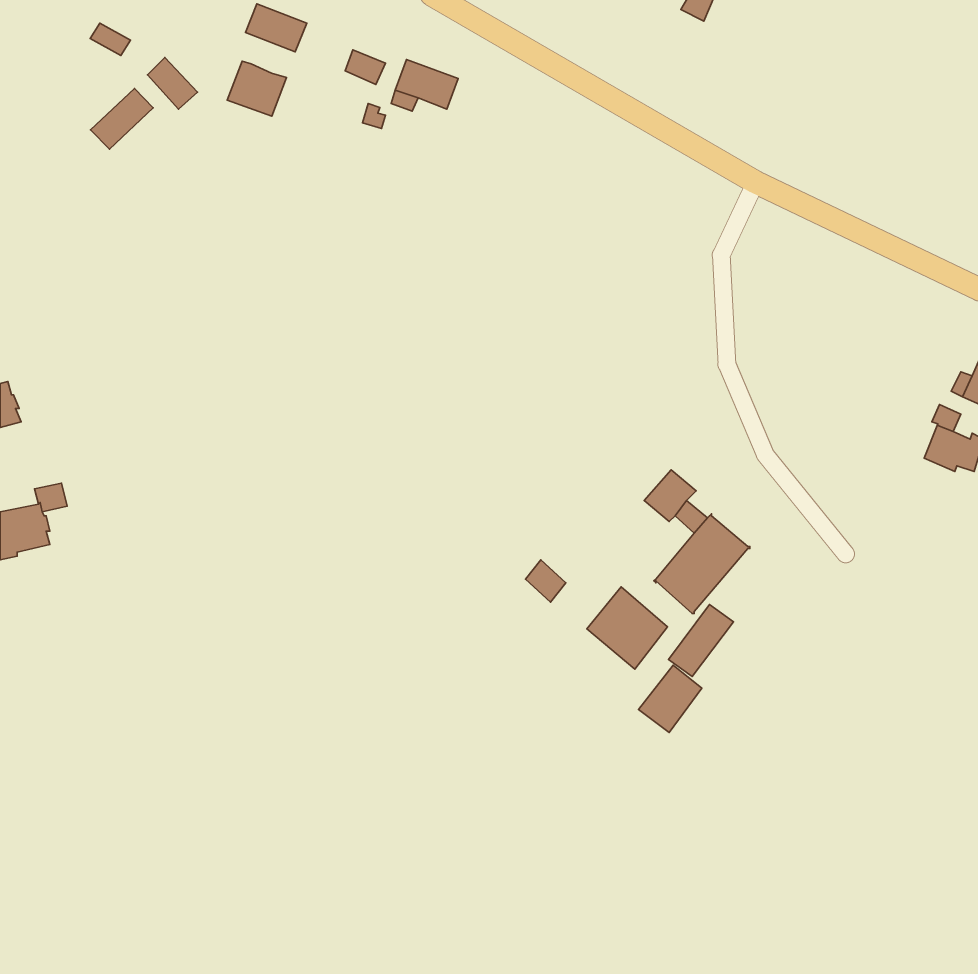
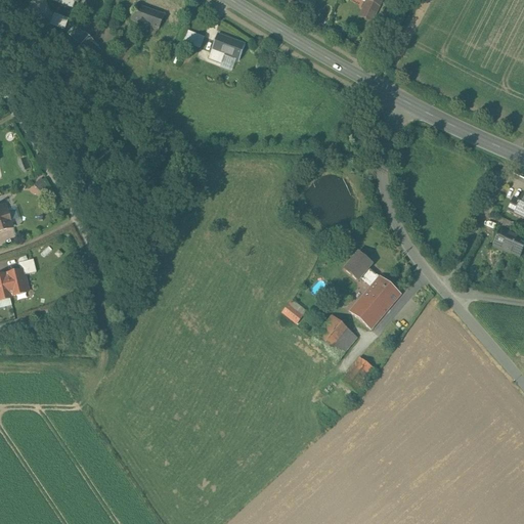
building: [227,61,287,116] -> none
building: [91,88,153,149] -> none
building: [668,605,733,677] -> none

